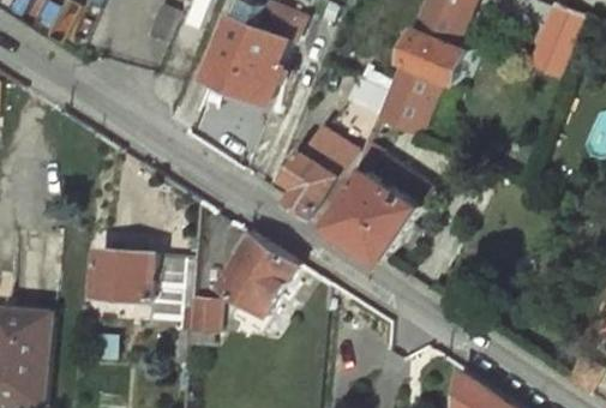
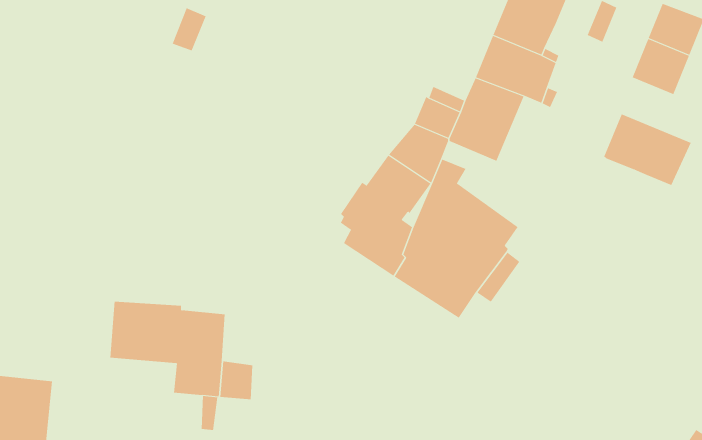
building: [204,10,296,110] -> none
building: none -> [604,113,691,186]
building: [218,232,294,316] -> none

